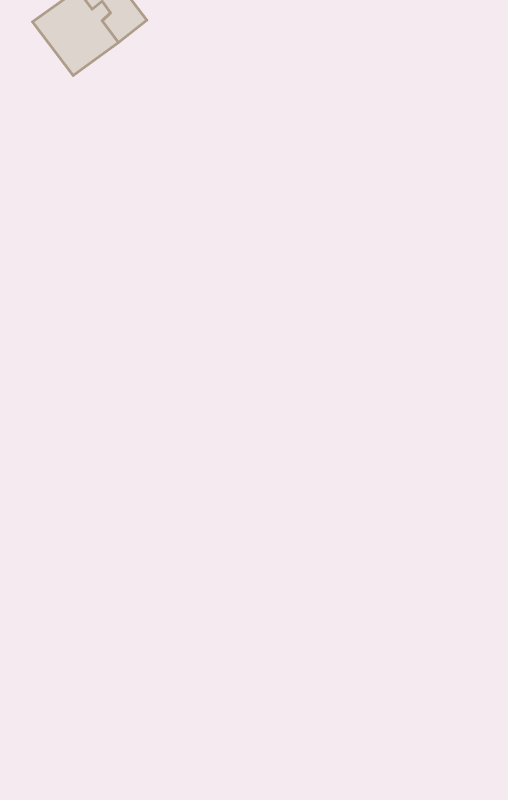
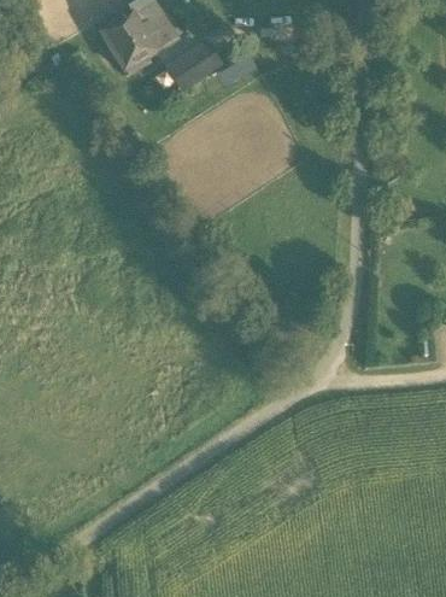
building: none -> [166,41,222,88]

